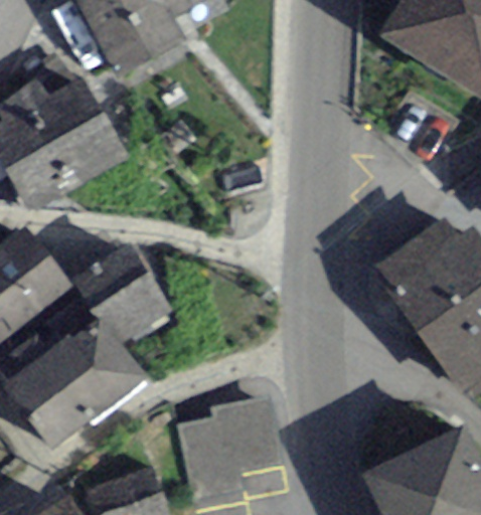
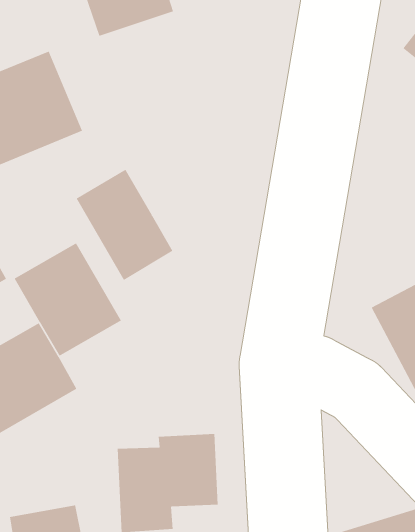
building: none -> [76,169,173,281]

